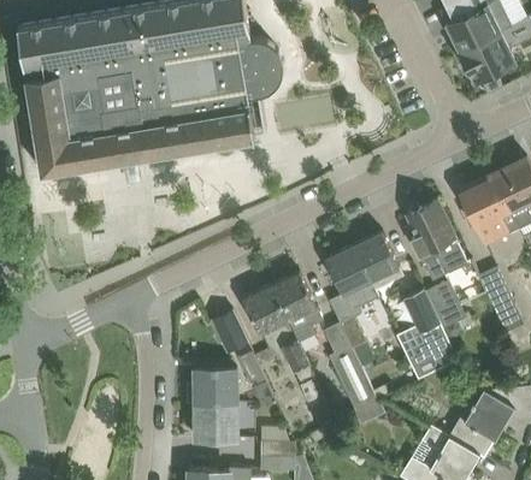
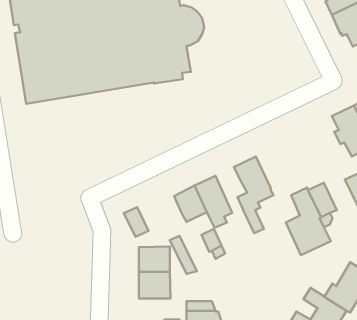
building: [406,201,466,283] -> none
building: [354,232,401,289] -> none
building: [213,310,247,351] -> [124,207,149,237]
building: [321,322,376,411] -> none

